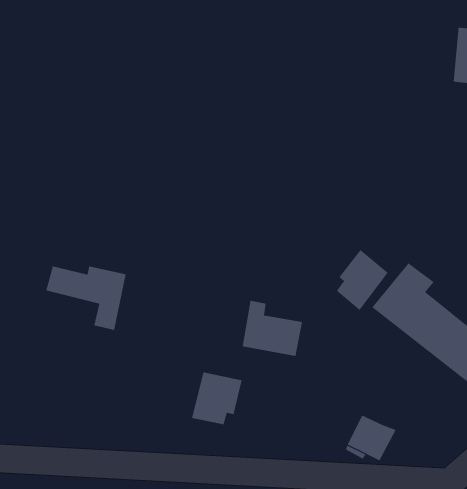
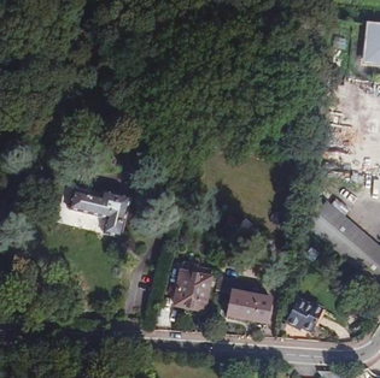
building: [336,249,389,311] -> none
building: [242,300,303,357] -> [226,280,270,321]

